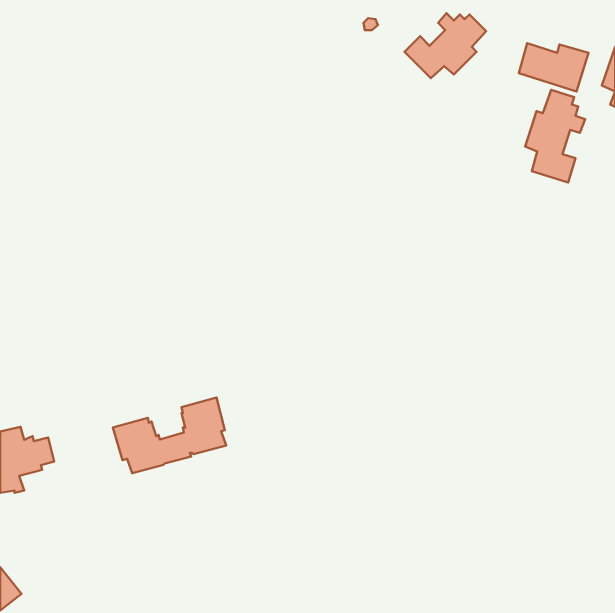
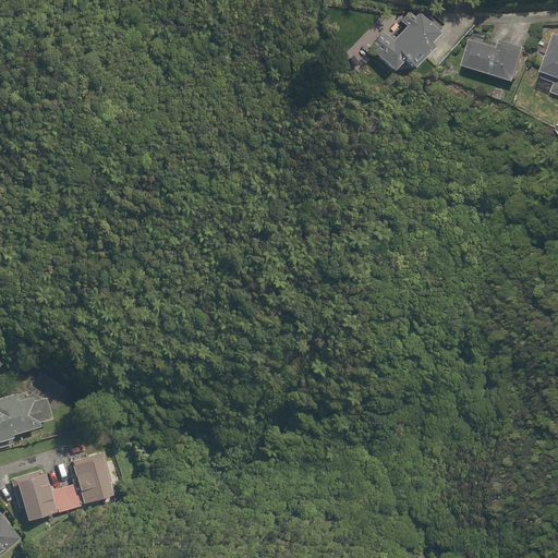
building: [525,90,585,183] -> none
building: [113,398,226,473] -> [9,452,111,521]

